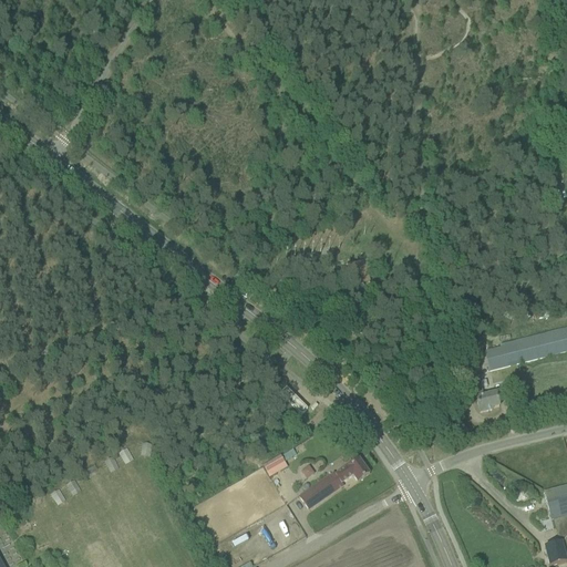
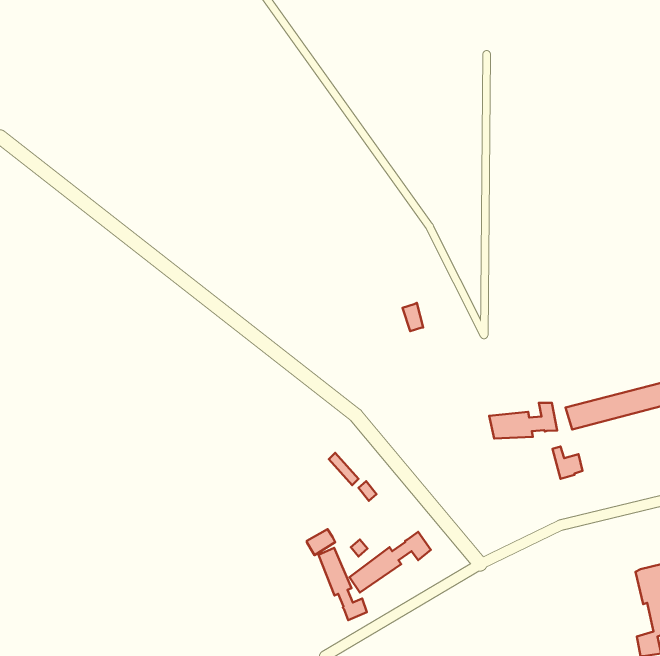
building: none -> [489,403,557,439]
building: none -> [319,548,367,620]

